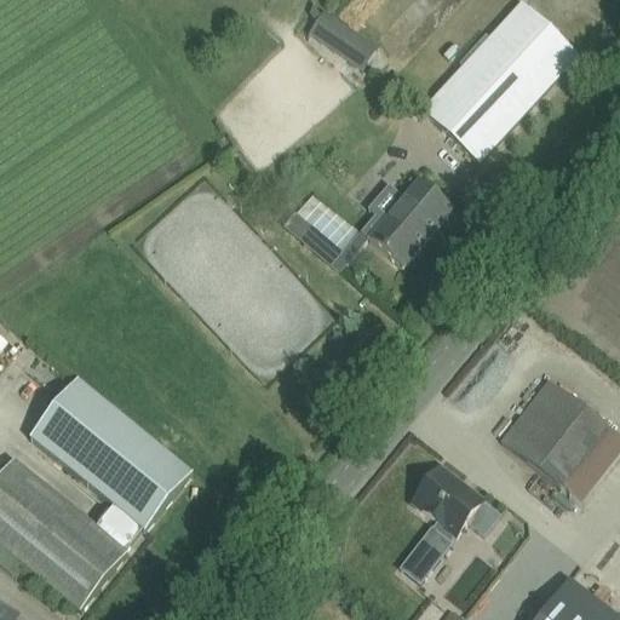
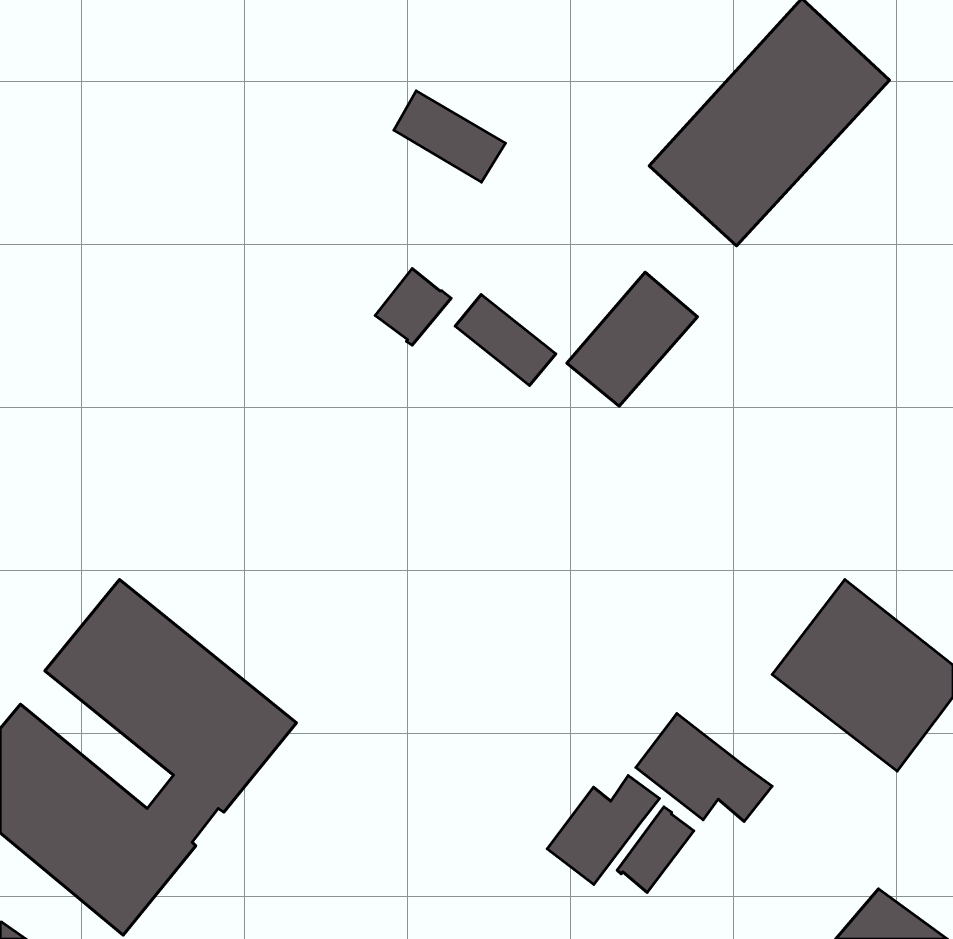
building: [316,12,389,71] -> [394,91,506,182]
building: none -> [375,269,451,345]
building: none -> [547,775,660,885]

